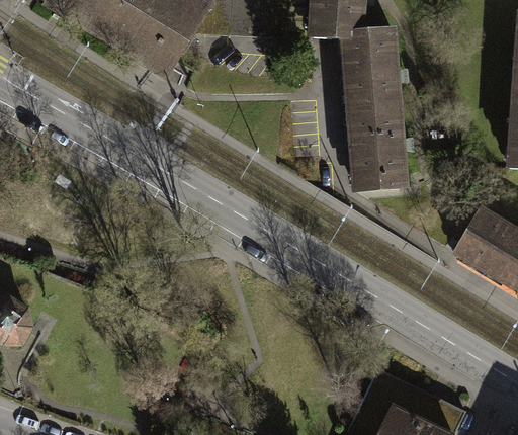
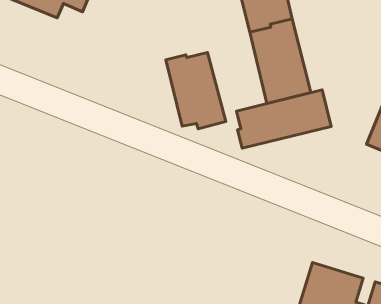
building: none -> [166,52,226,129]
building: none -> [236,90,331,148]

